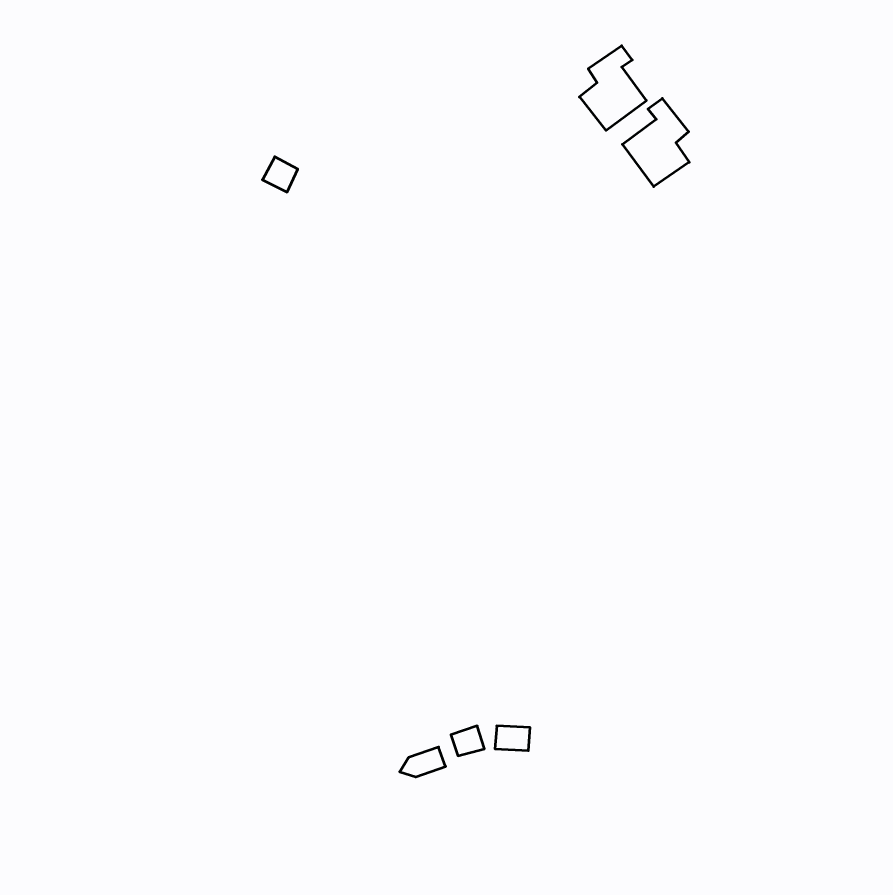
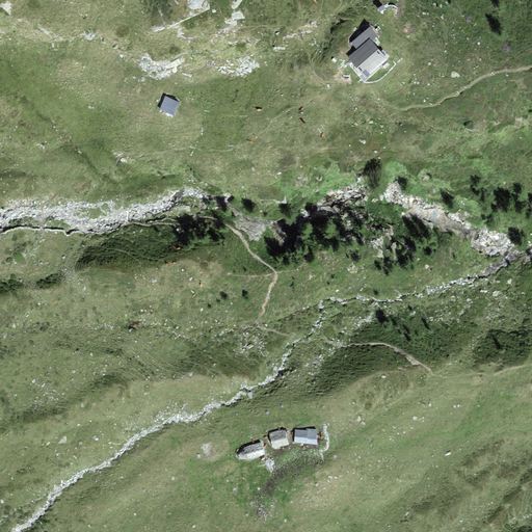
building: [622,98,689,187] -> none

